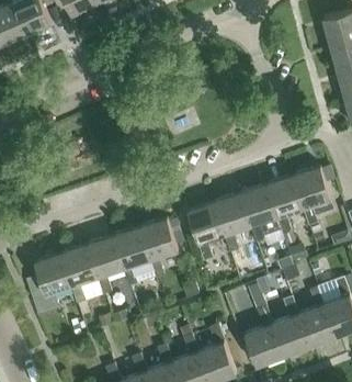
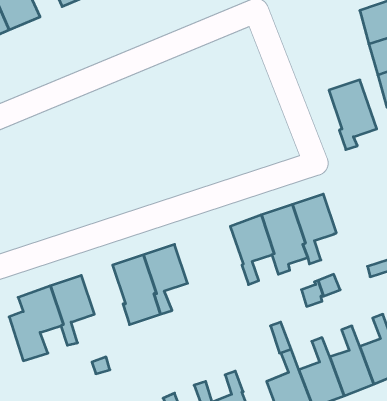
building: [293,166,333,225] -> [329,80,377,150]
building: [186,202,225,260] -> none
building: [88,235,125,295] -> none

